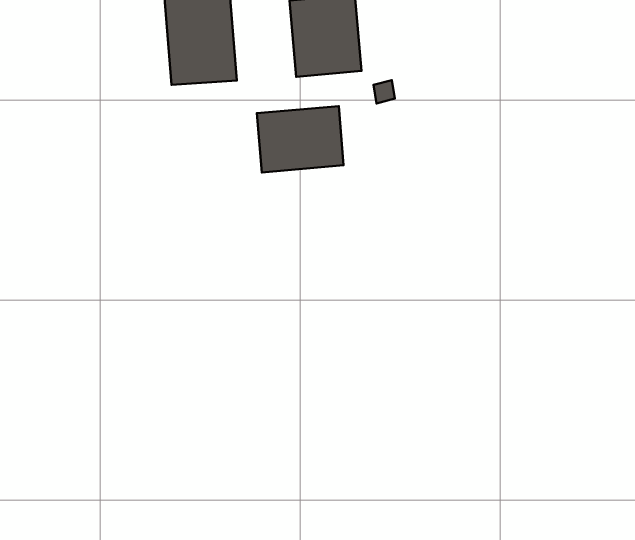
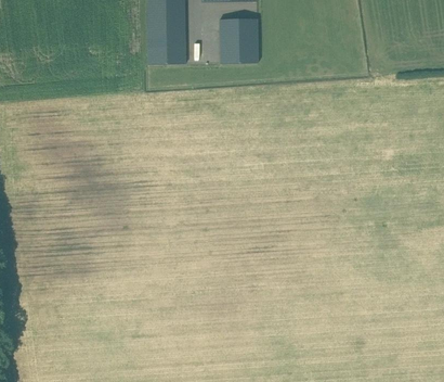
building: [257,106,344,172] -> none

